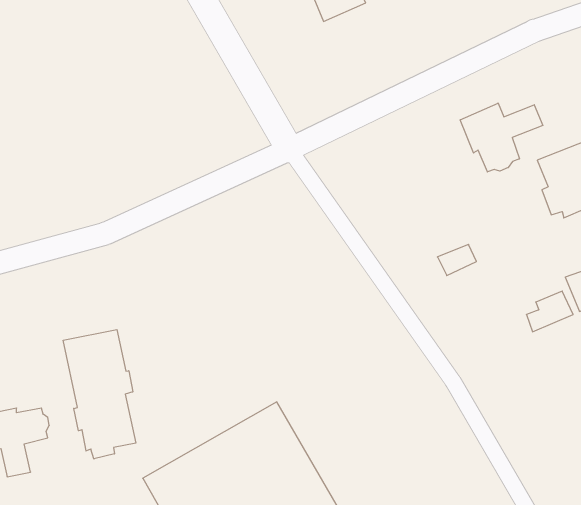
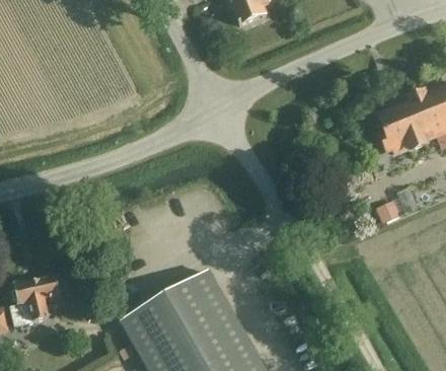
building: [460,103,543,172] -> none
building: [63,330,136,459] -> none

